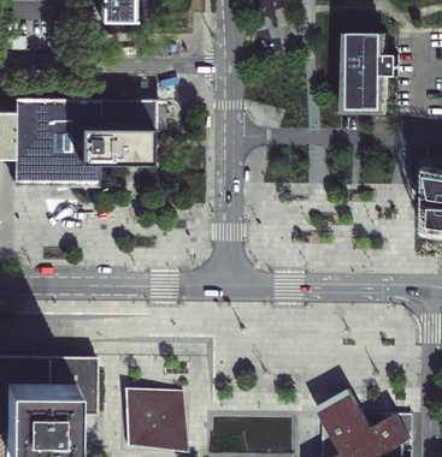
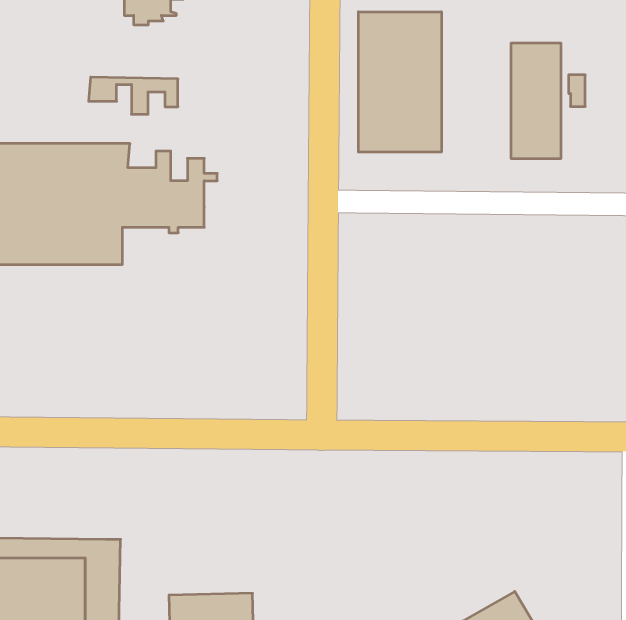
building: none -> [358,12,441,152]
building: [99,101,157,125] -> [89,77,178,114]

